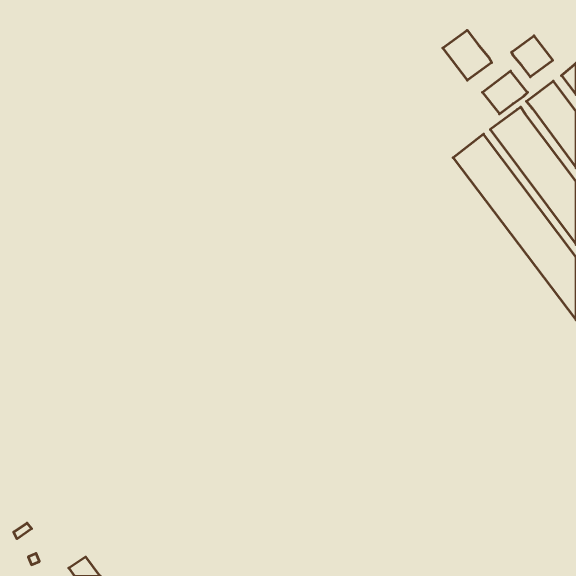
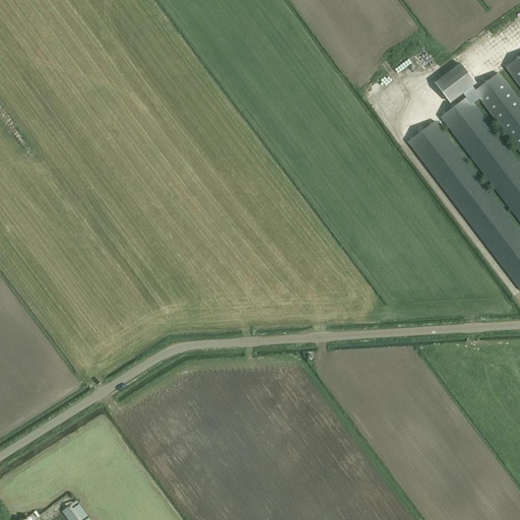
building: [443,30,492,80] -> none
building: [512,36,553,77] -> none

